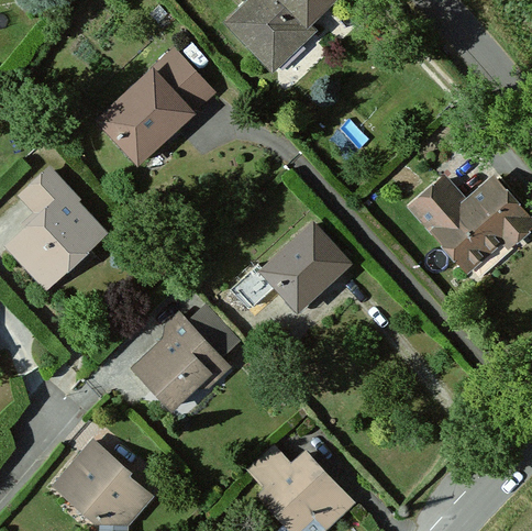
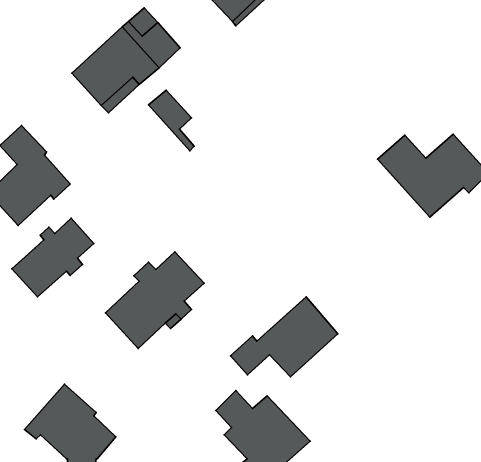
building: none -> [148,90,194,151]
building: [234,224,346,308] -> [231,297,338,377]
building: none -> [12,218,94,297]

